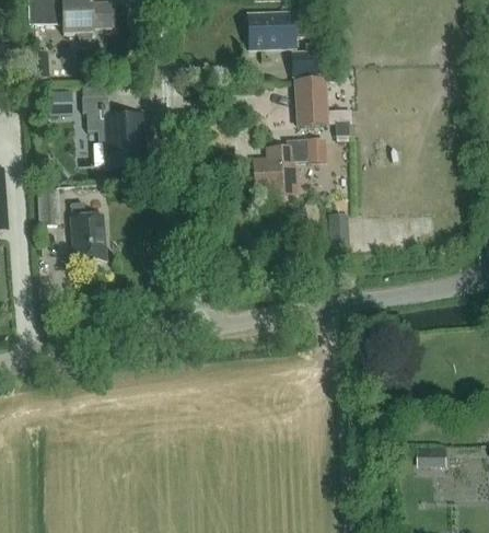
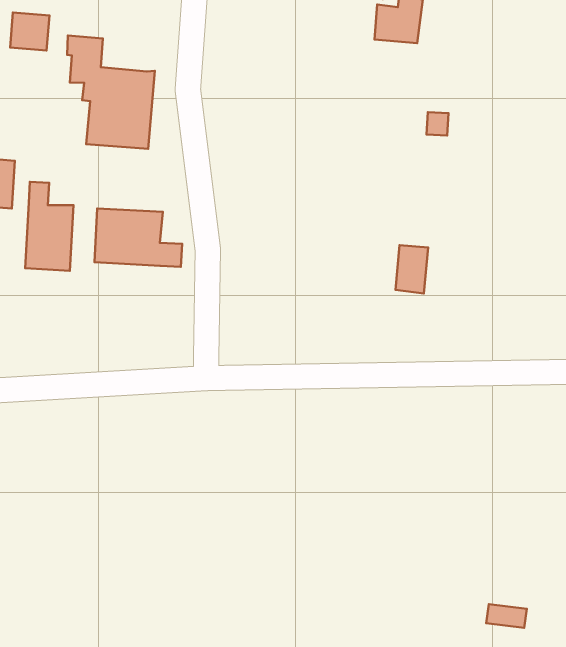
building: [294,77,327,126] -> none
building: [255,137,325,193] -> none
building: none -> [94,209,182,267]

